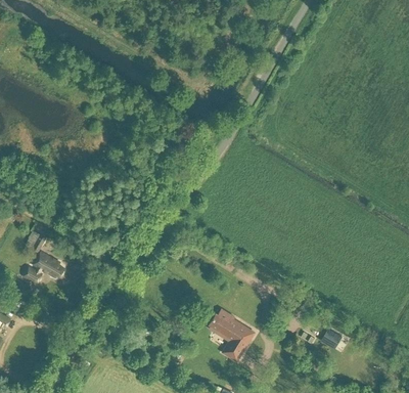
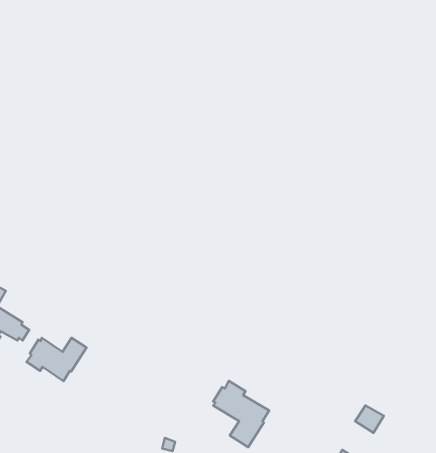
building: none -> [26,338,87,381]

